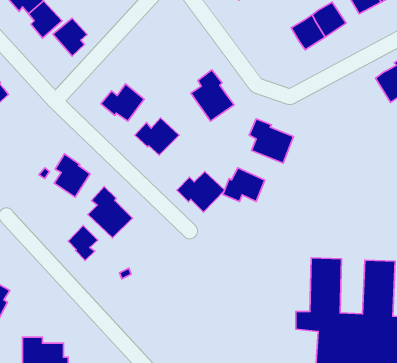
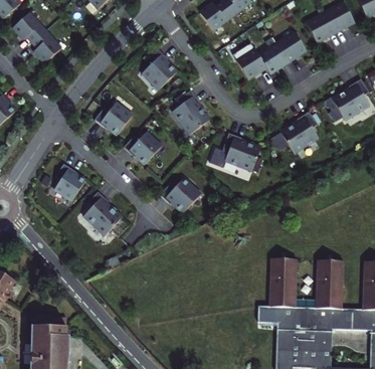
building: none -> [232,43,265,78]
building: [53,18,87,56] -> none
building: none -> [140,49,176,91]
building: none -> [280,112,318,153]
building: [223,168,265,201] -> none
building: [68,225,98,261] -> none

